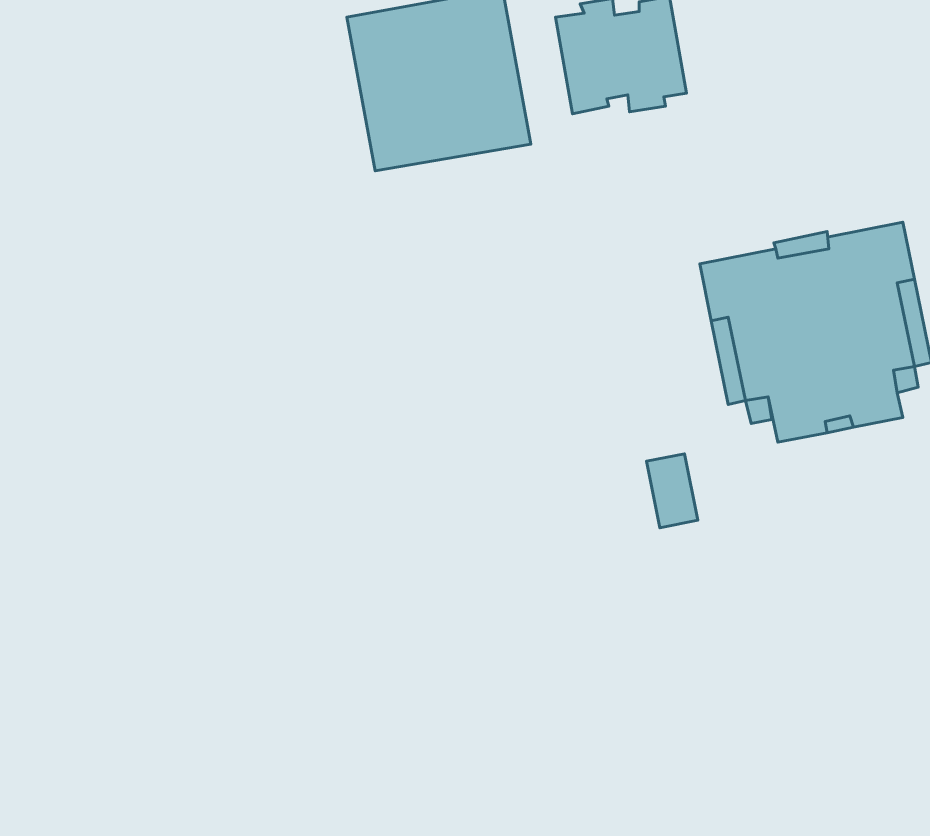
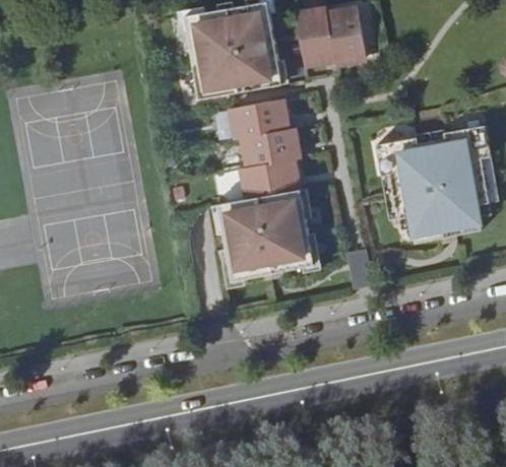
building: none -> [218,97,317,281]

